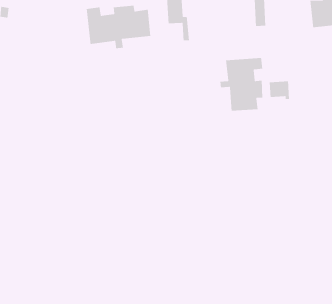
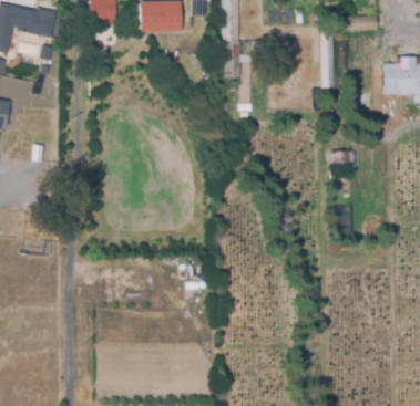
building: [86,5,151,49] -> none
building: [220,57,263,112] -> none

